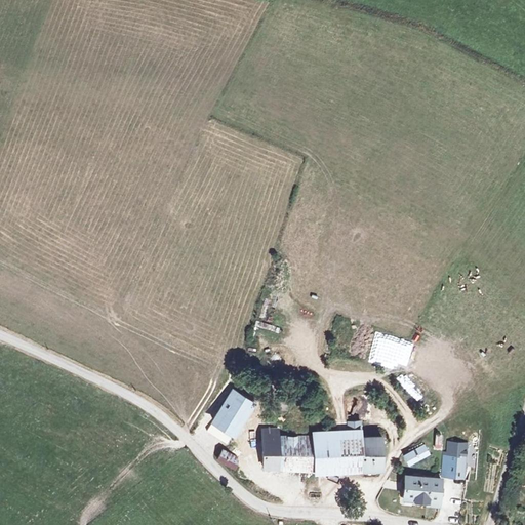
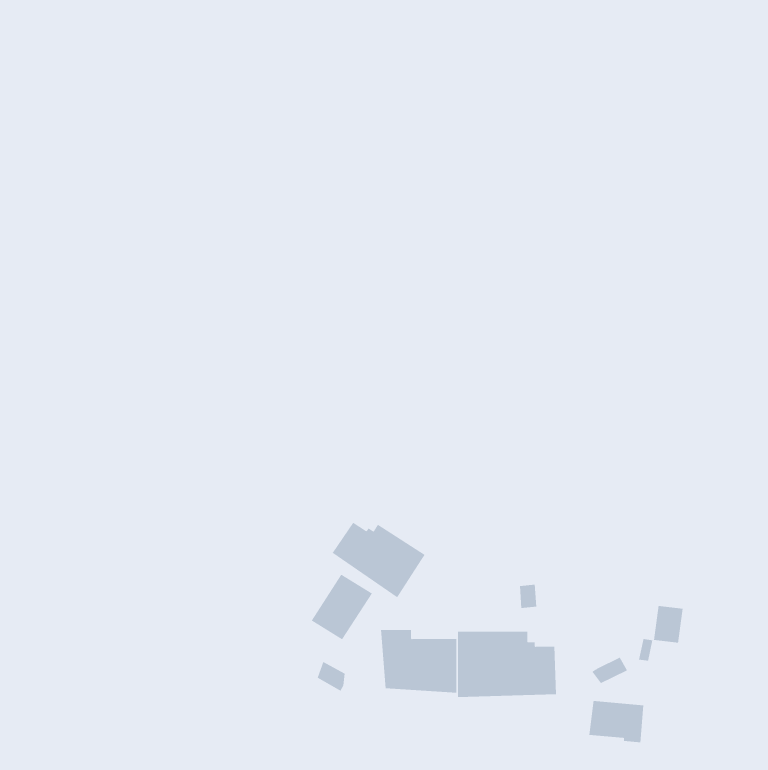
building: none -> [332,522,425,598]
building: [445,452,466,478] -> [653,605,684,643]

